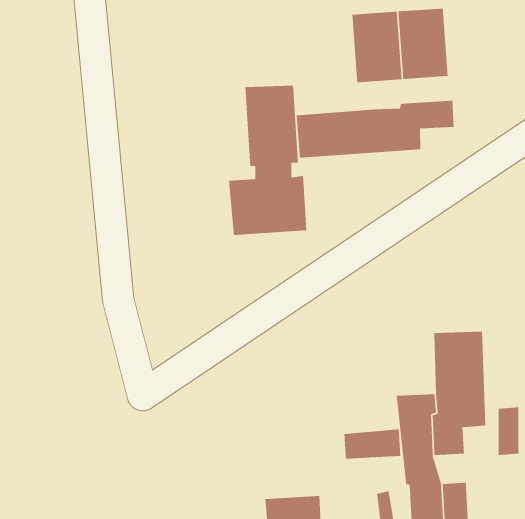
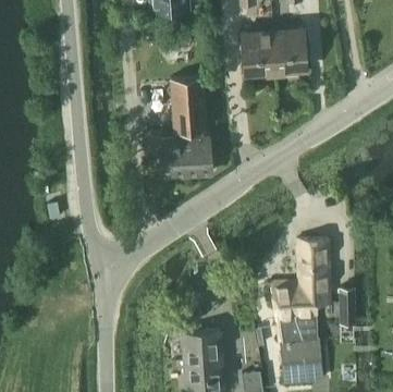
building: [296,100,455,159] -> none
building: [344,428,401,460] -> [182,332,220,353]

